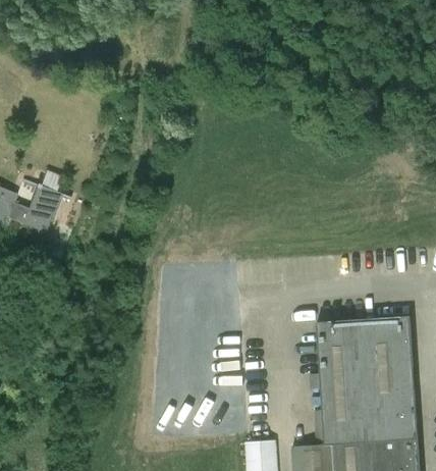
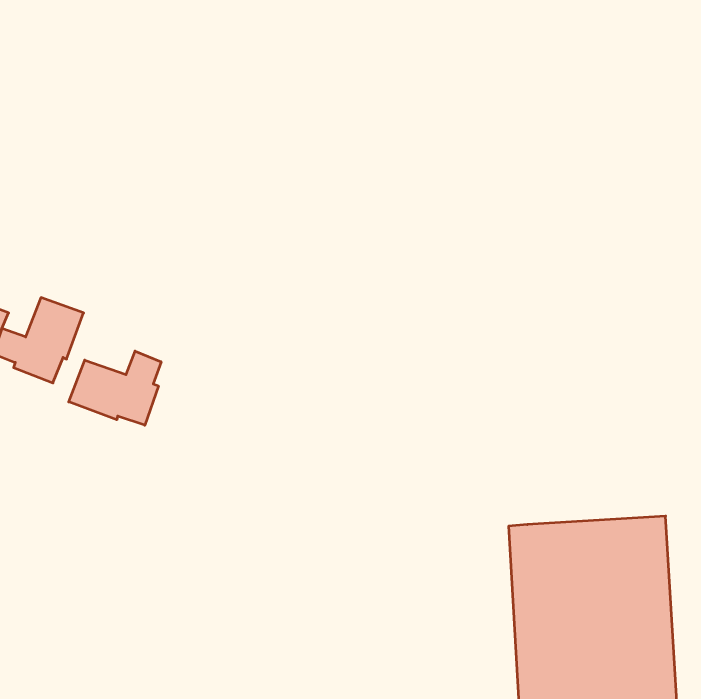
building: none -> [69,351,161,425]

